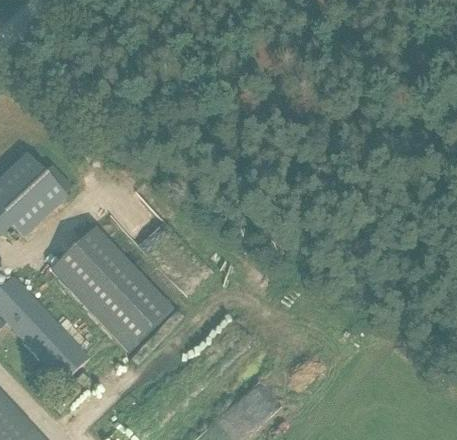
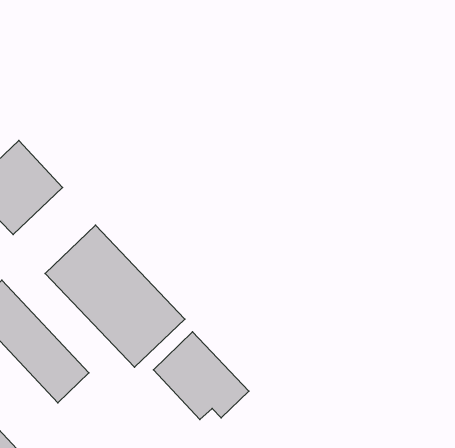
building: none -> [153,332,249,419]

